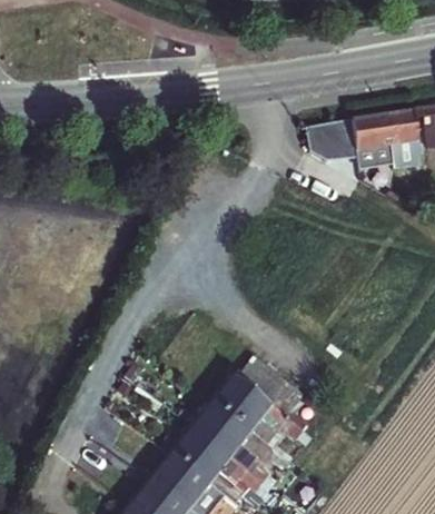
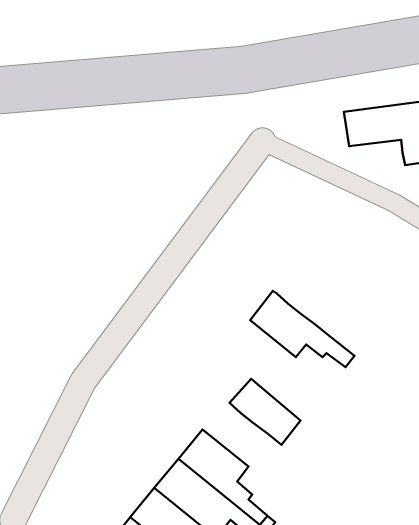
building: [306,122,389,164] -> none
building: [215,375,306,442] -> [250,291,354,367]

